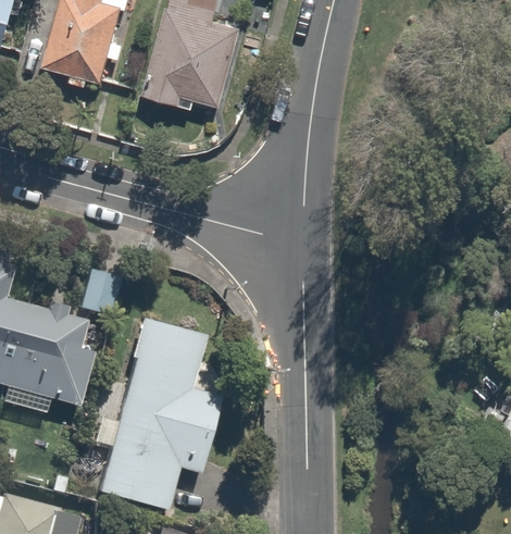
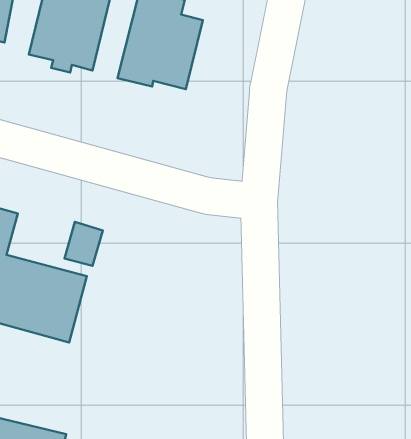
building: [101,321,224,508] -> none

